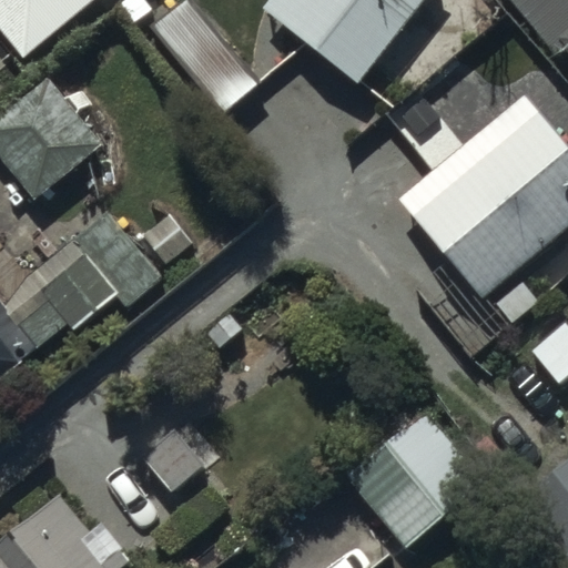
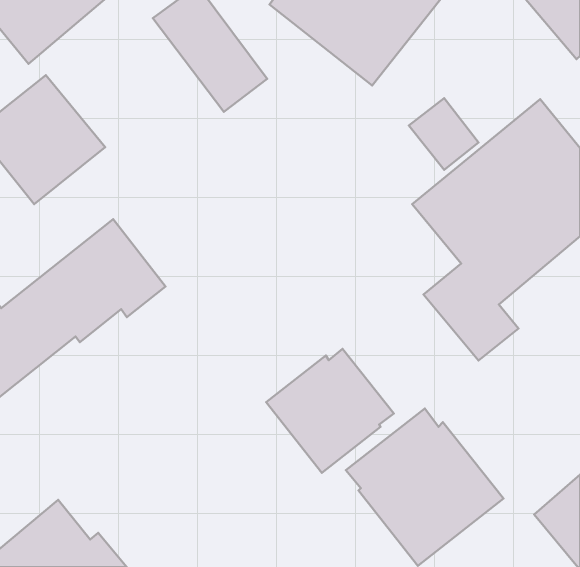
building: none -> [266,349,394,473]

